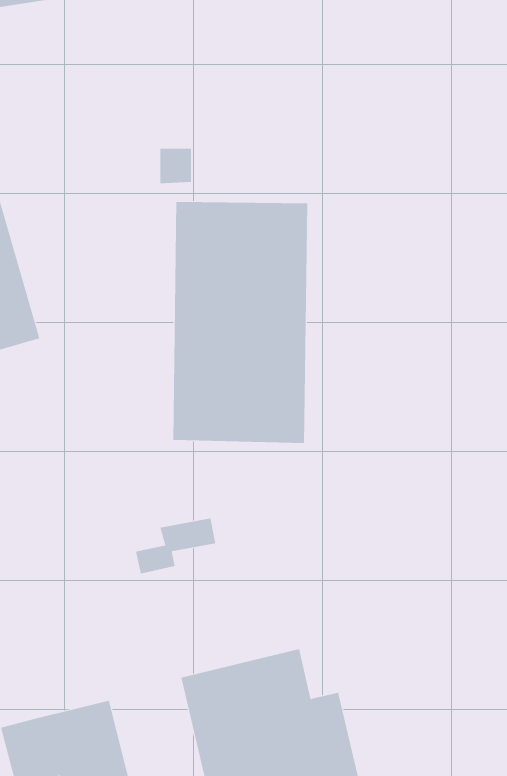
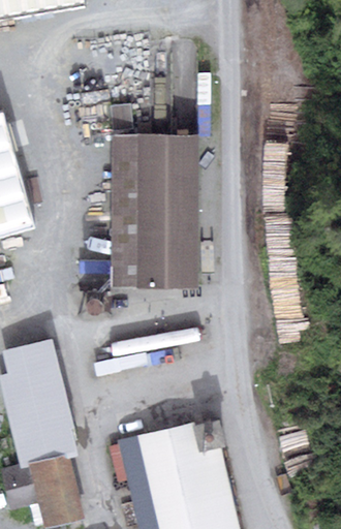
building: none -> [9,341,82,468]

